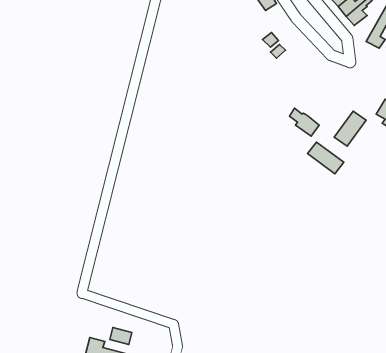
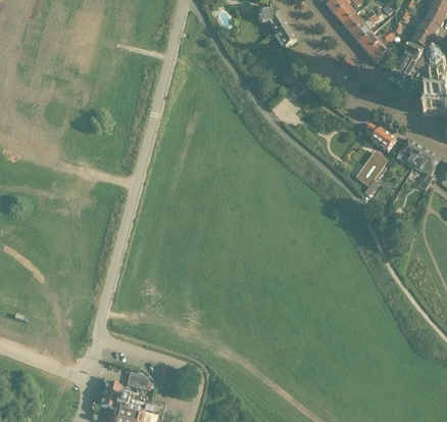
building: [289,108,319,136] -> [365,122,396,150]
building: [307,142,344,174] -> none

